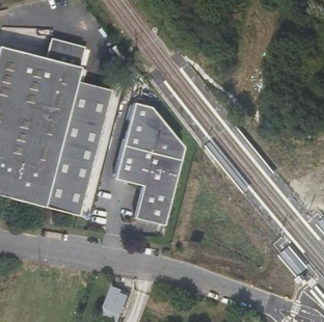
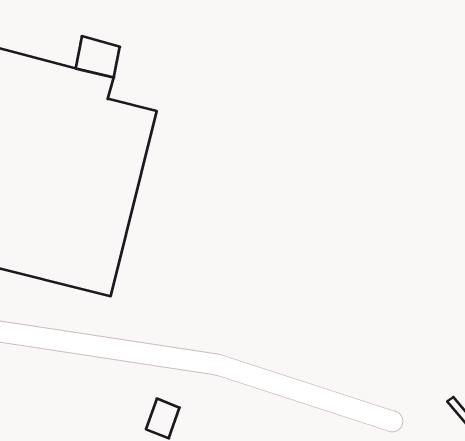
building: [113,101,183,223] -> none

